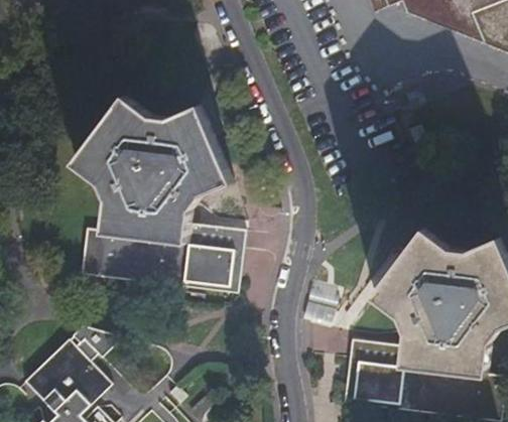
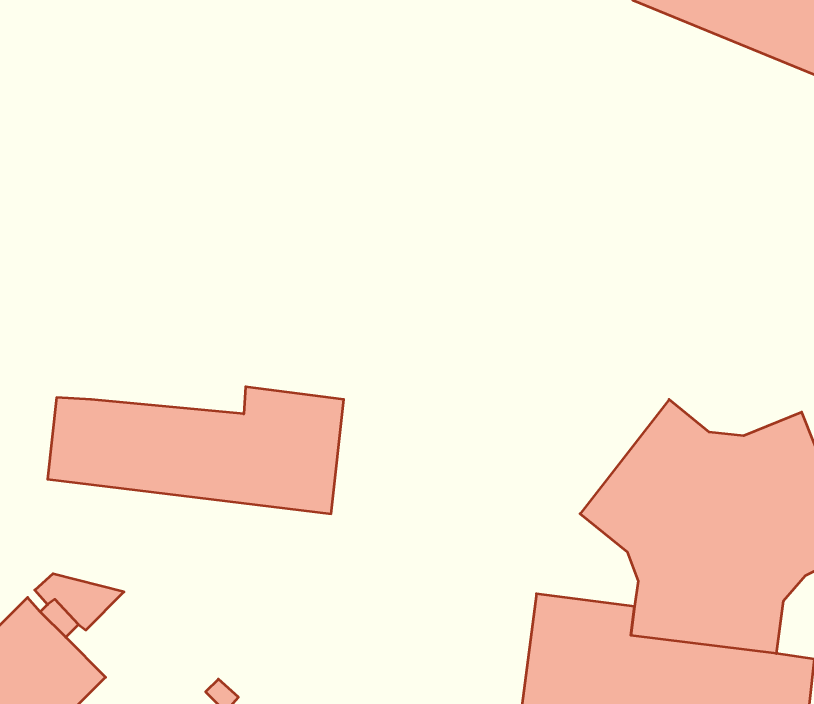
building: [73,99,228,238] -> none

